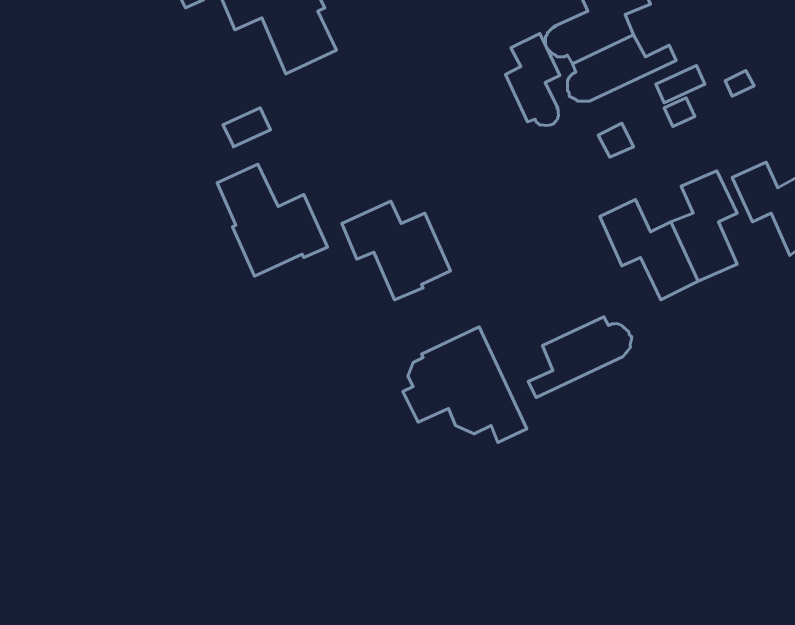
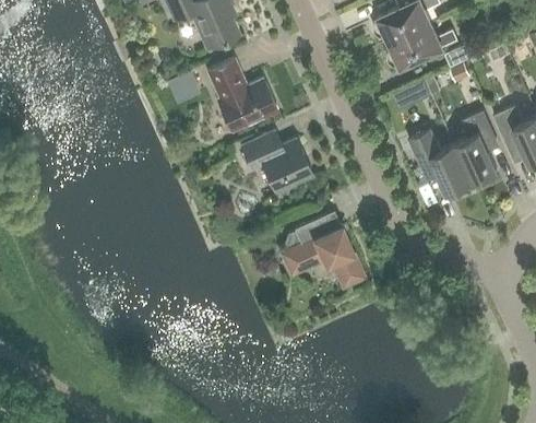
building: [505,33,560,126] -> none
building: [217,164,328,276] -> [207,59,278,131]
building: [528,317,632,398] -> none

